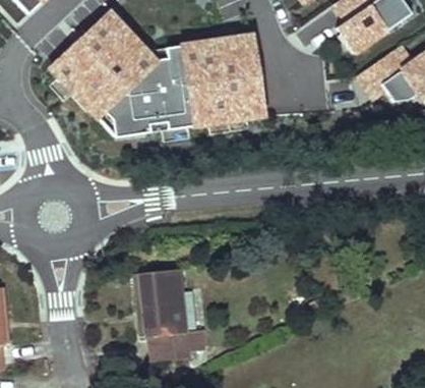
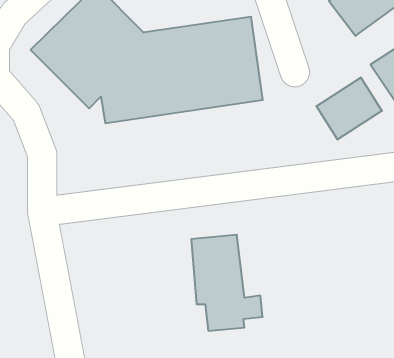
building: none -> [316,77,382,140]
building: [136,268,204,359] -> [191,235,263,331]

